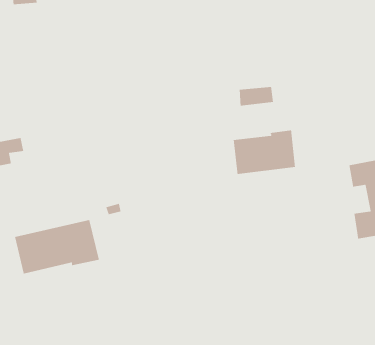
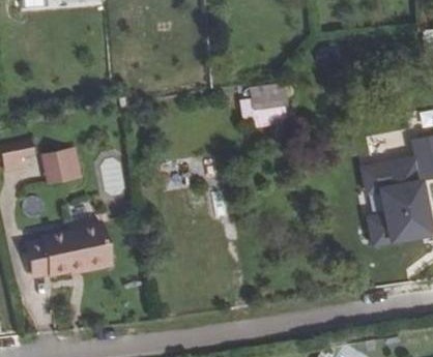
building: [233,129,296,175] -> none
building: none -> [40,149,76,185]

